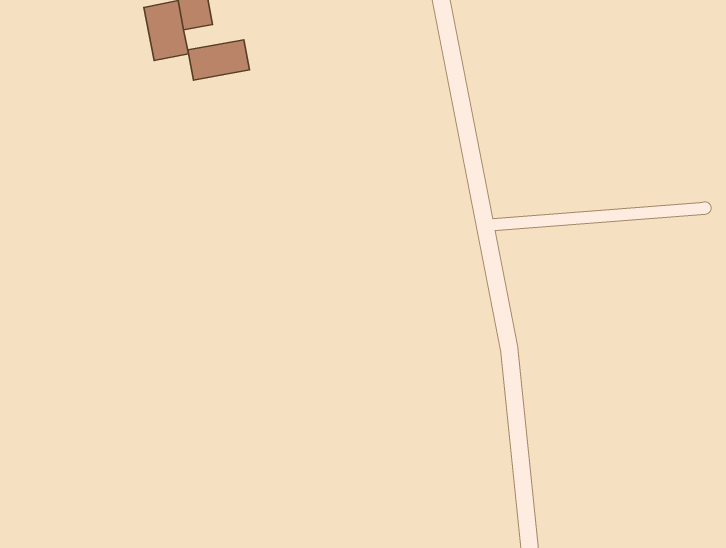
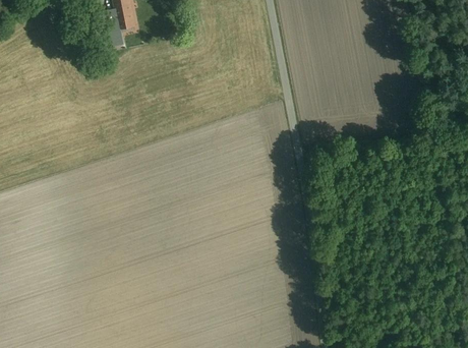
building: [188,40,249,80] -> none

